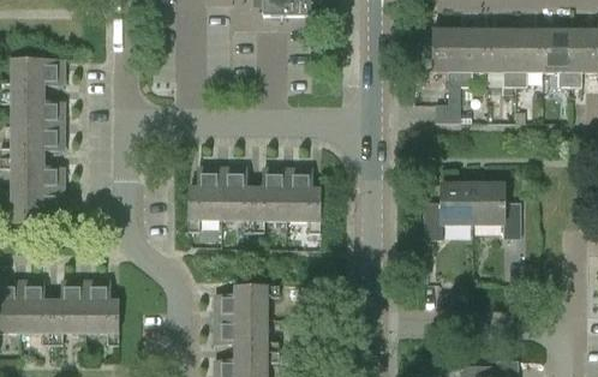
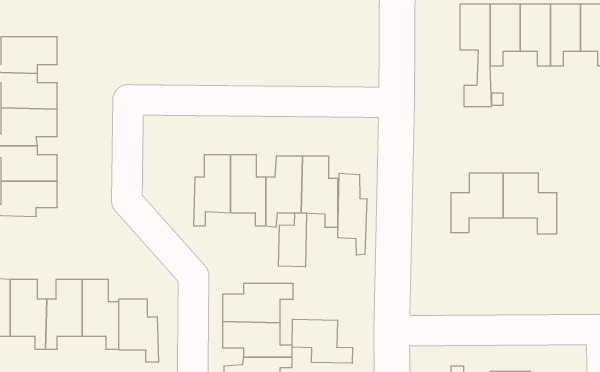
building: none -> [338,173,367,255]
building: none -> [278,213,307,267]
building: none -> [119,299,159,362]
building: none -> [292,319,353,363]

